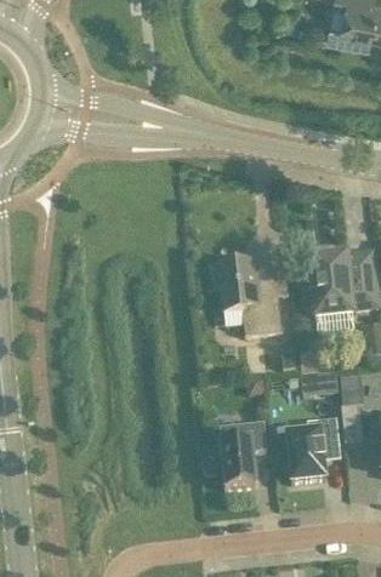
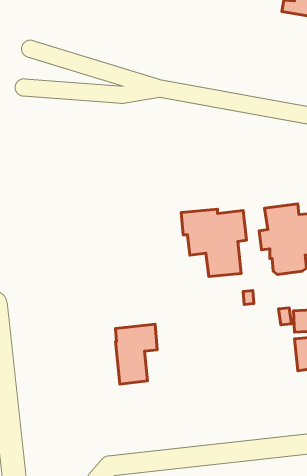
building: [286,418,340,482] -> none
building: [220,422,267,490] -> [115,324,157,384]

